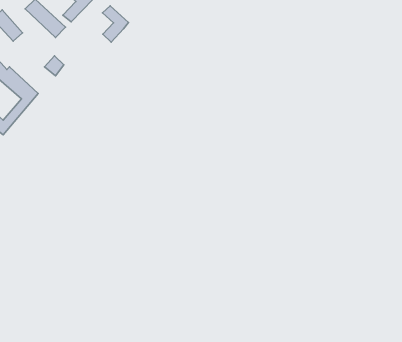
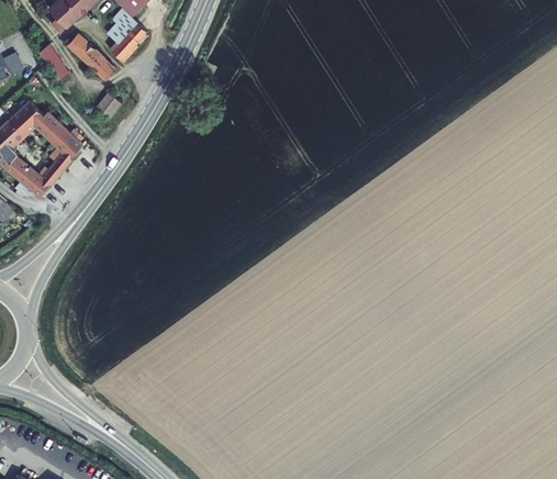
building: [103,6,128,42] -> none

